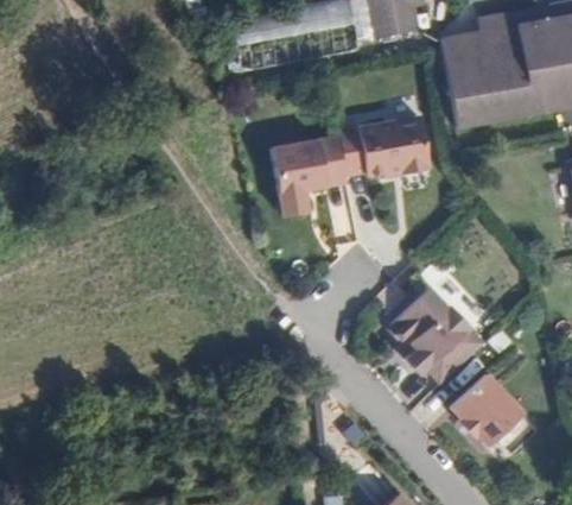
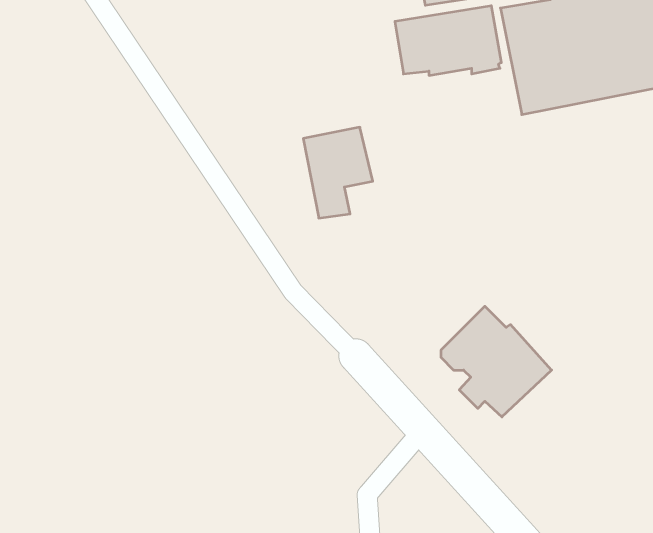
building: [339,116,428,175] -> [395,6,501,75]
building: [453,370,525,443] -> none

